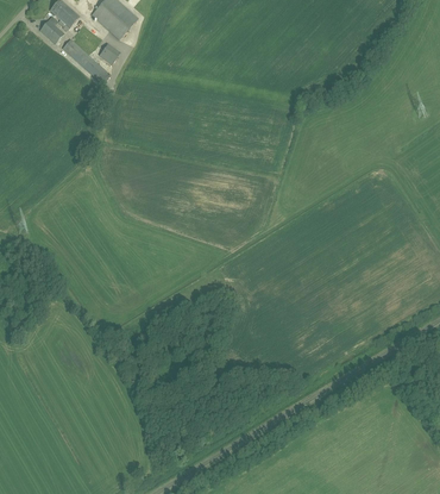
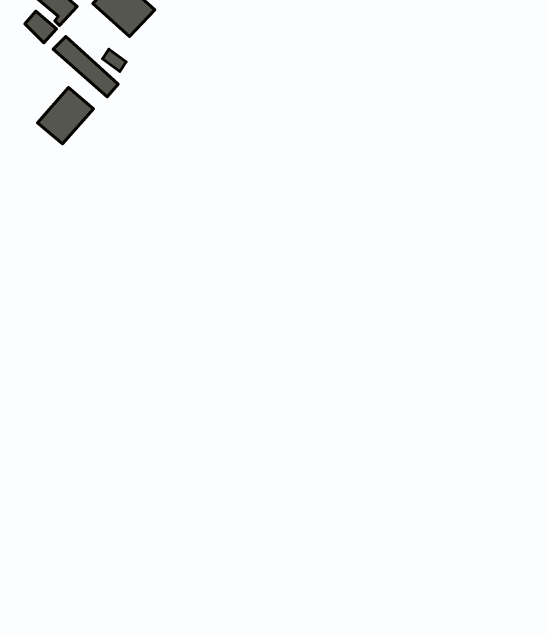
building: none -> [37,87,94,144]

